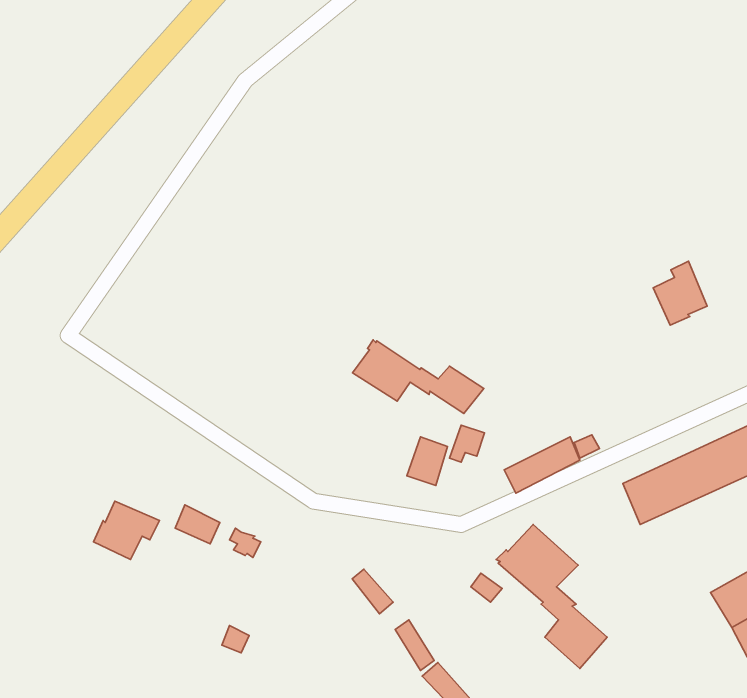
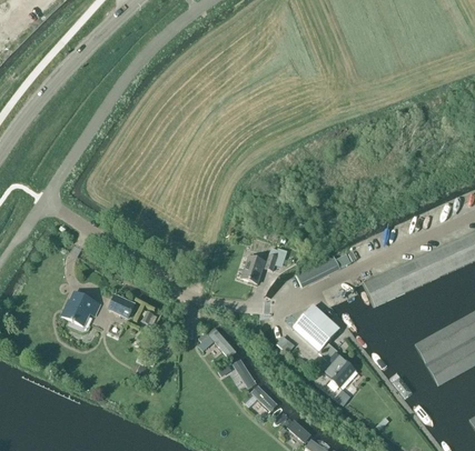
building: [653,261,707,325] -> none
building: [353,340,484,414] -> none

